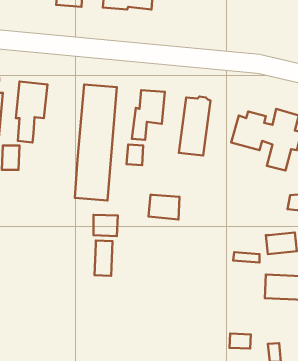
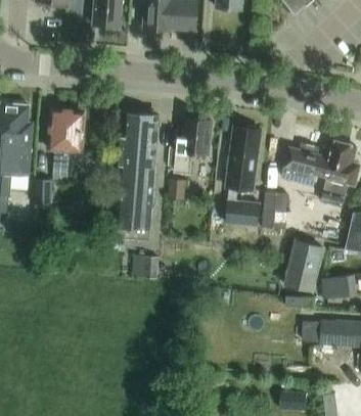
building: none -> [261,191,287,229]
building: [148,195,179,219] -> [223,199,257,226]
building: none -> [284,240,322,291]
building: [94,241,113,276] -> none

